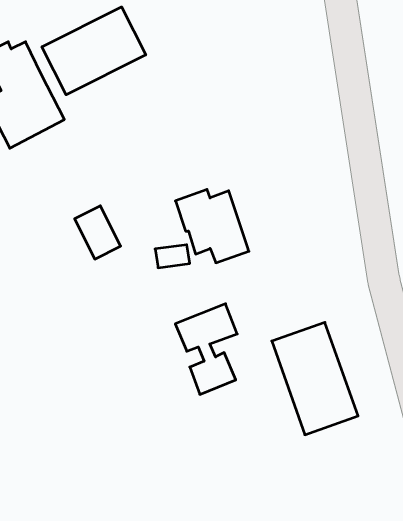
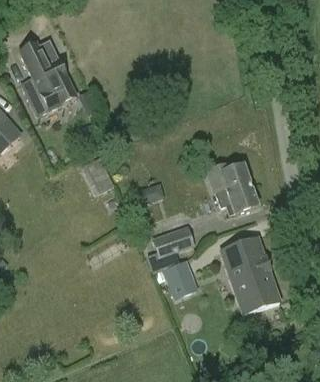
building: [42,7,146,95] -> none
building: [175,189,249,263] -> [207,162,258,213]

